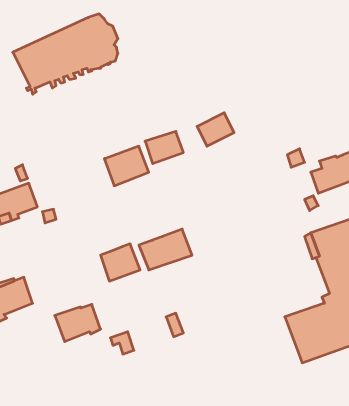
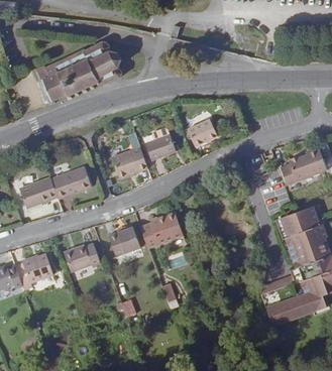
building: none -> [51,167,92,197]
building: [55,304,101,342] -> [64,243,101,273]

